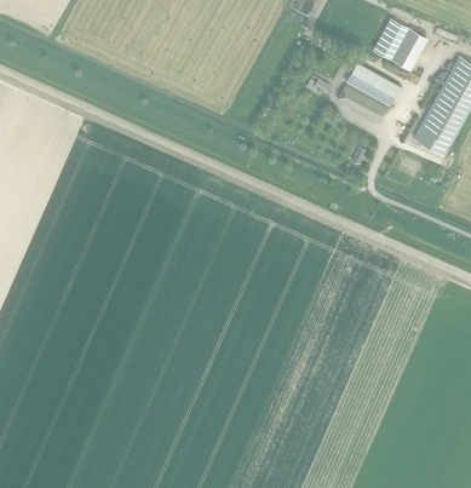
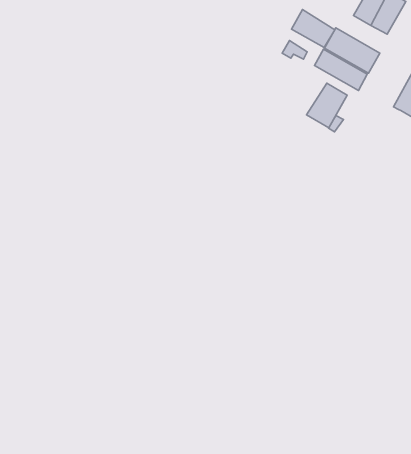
building: none -> [292,10,335,48]
building: none -> [306,83,347,128]

